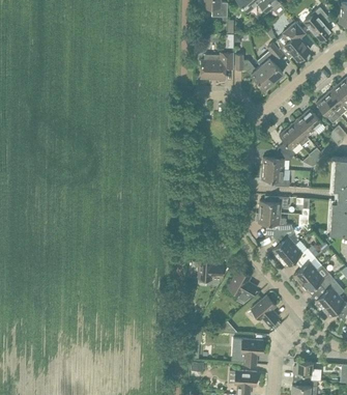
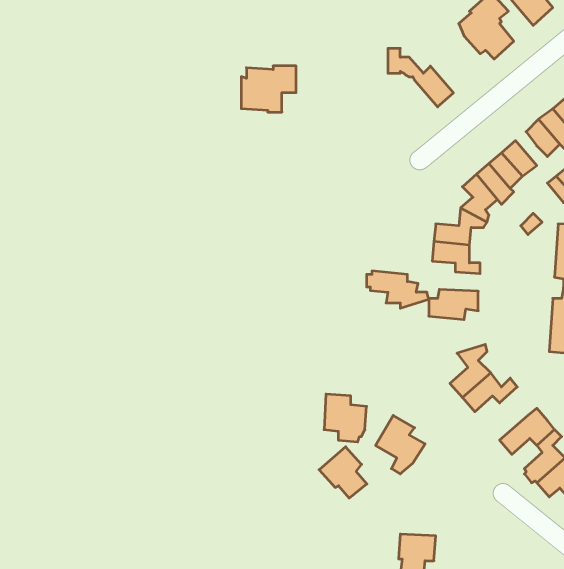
building: [257,43,283,81] -> none
building: [201,53,233,80] -> [241,66,296,112]
building: [256,211,292,233] -> [367,271,429,308]
building: [293,250,322,284] -> none
building: [251,295,279,326] -> [319,447,367,498]

